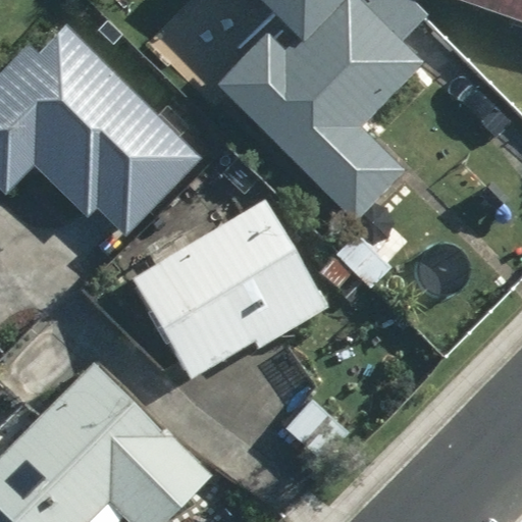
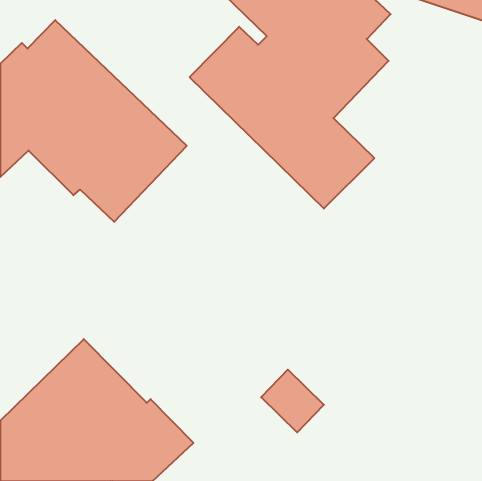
building: [126,200,325,386] -> none

